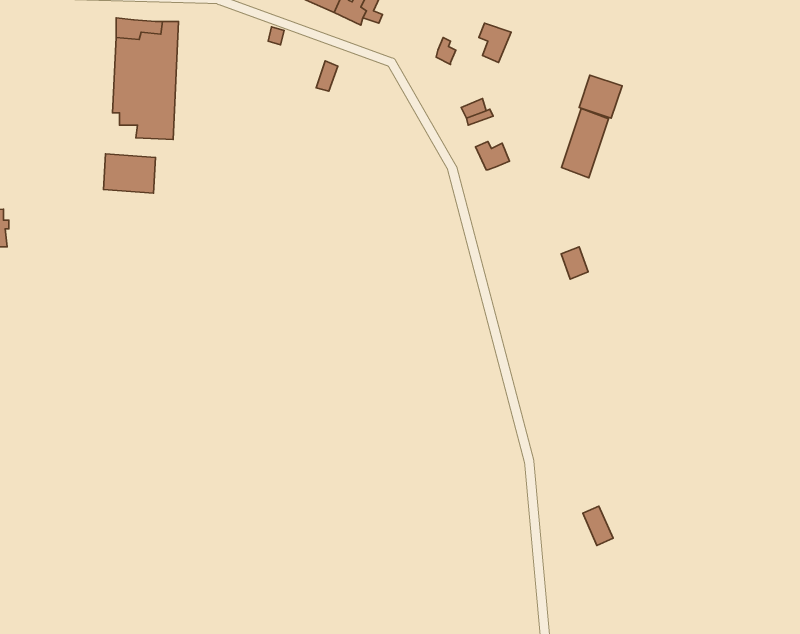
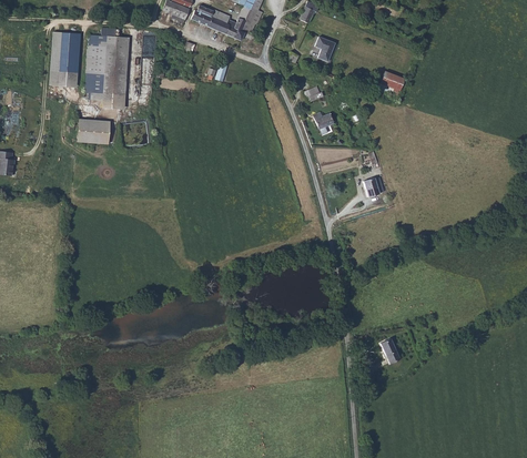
building: none -> [49,32,79,86]
building: [562,109,609,178] -> none

